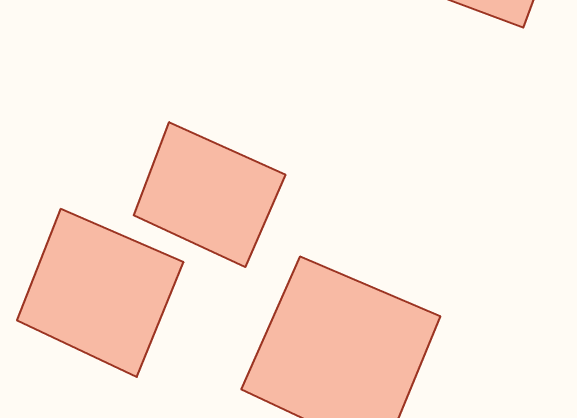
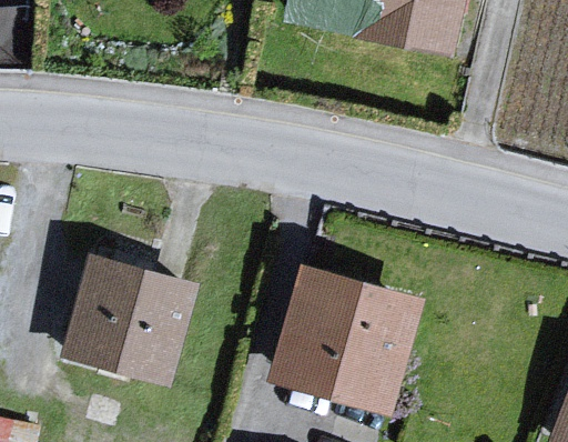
building: [134,122,285,267] -> none

